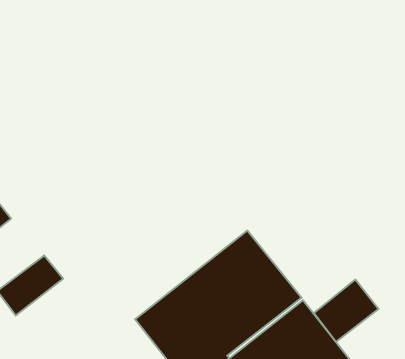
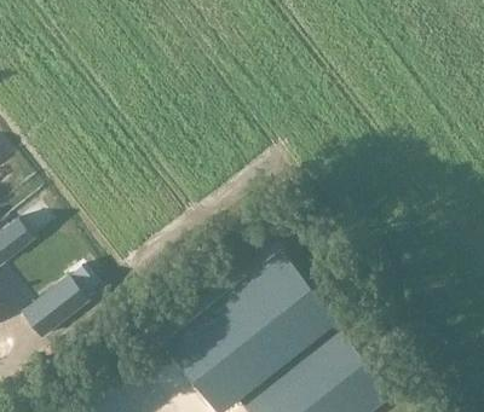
building: [314,280,379,342] -> none

